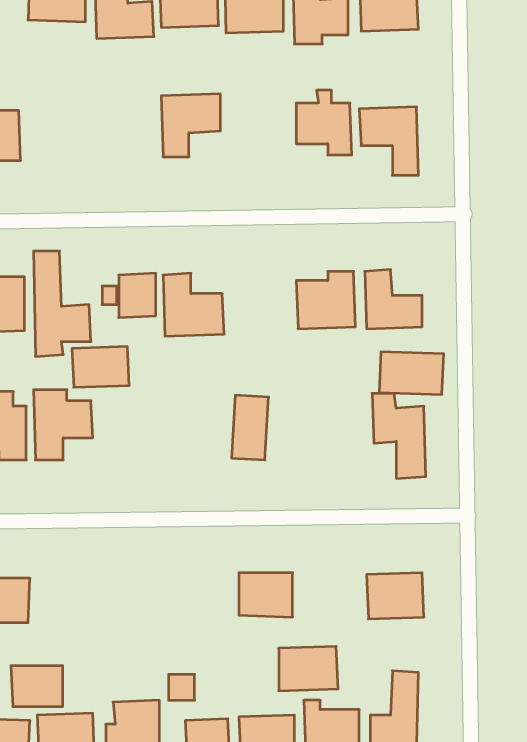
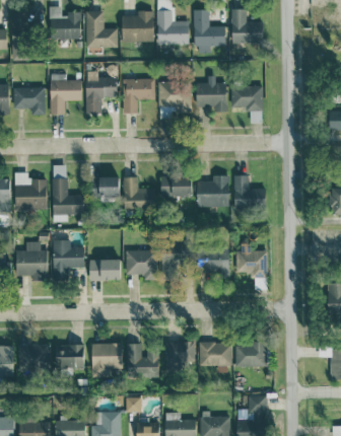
building: none -> [86,71,118,115]
building: none -> [51,75,82,116]
building: none -> [159,83,192,114]
building: none -> [161,176,192,198]
building: [72,347,129,387] -> [89,259,121,281]
building: [379,352,444,394] -> [195,251,230,275]
building: none -> [126,250,157,280]
building: none -> [91,343,123,374]
building: none -> [128,343,159,375]
building: [279,646,338,691] -> [200,342,232,366]
building: [11,666,63,706] -> [56,345,84,367]

